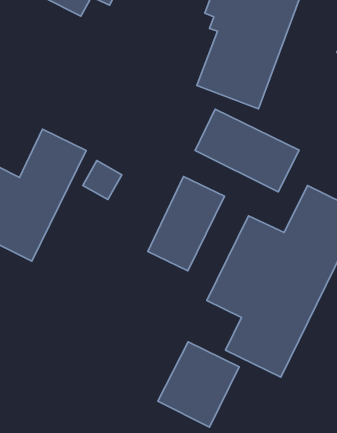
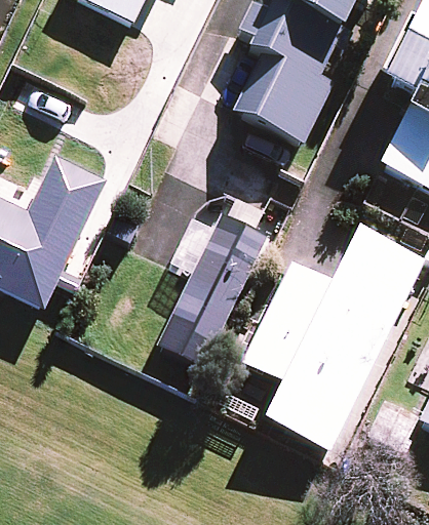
building: [195,109,299,192] -> none
building: [158,342,239,427] -> none

